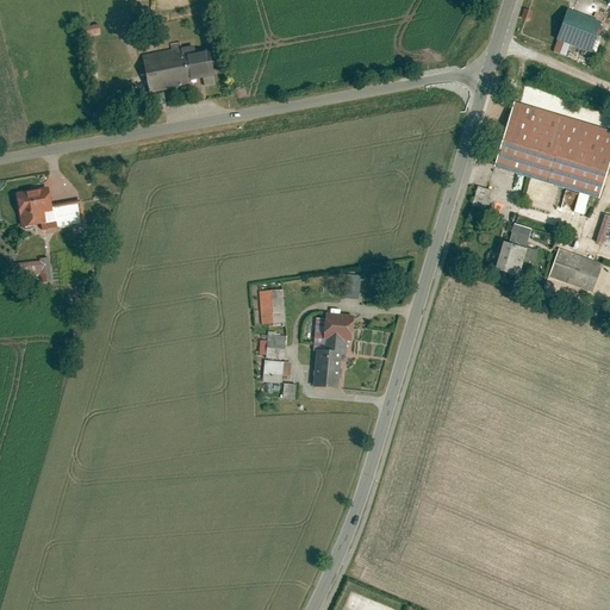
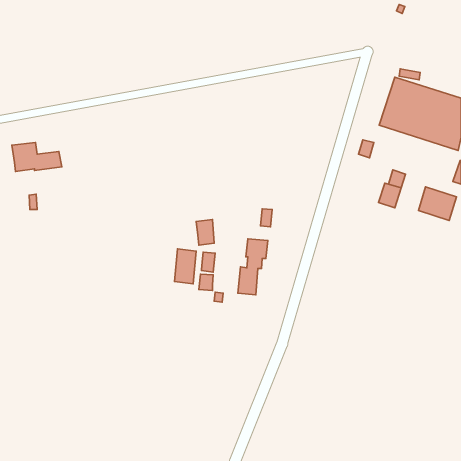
building: [552,8,597,51] -> none
building: [142,48,211,87] -> none
building: none -> [174,249,196,284]

